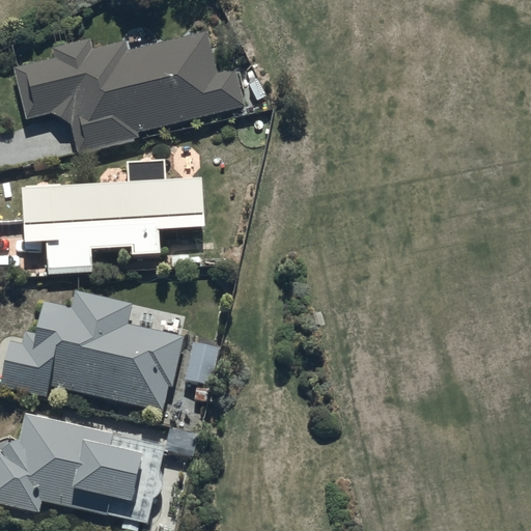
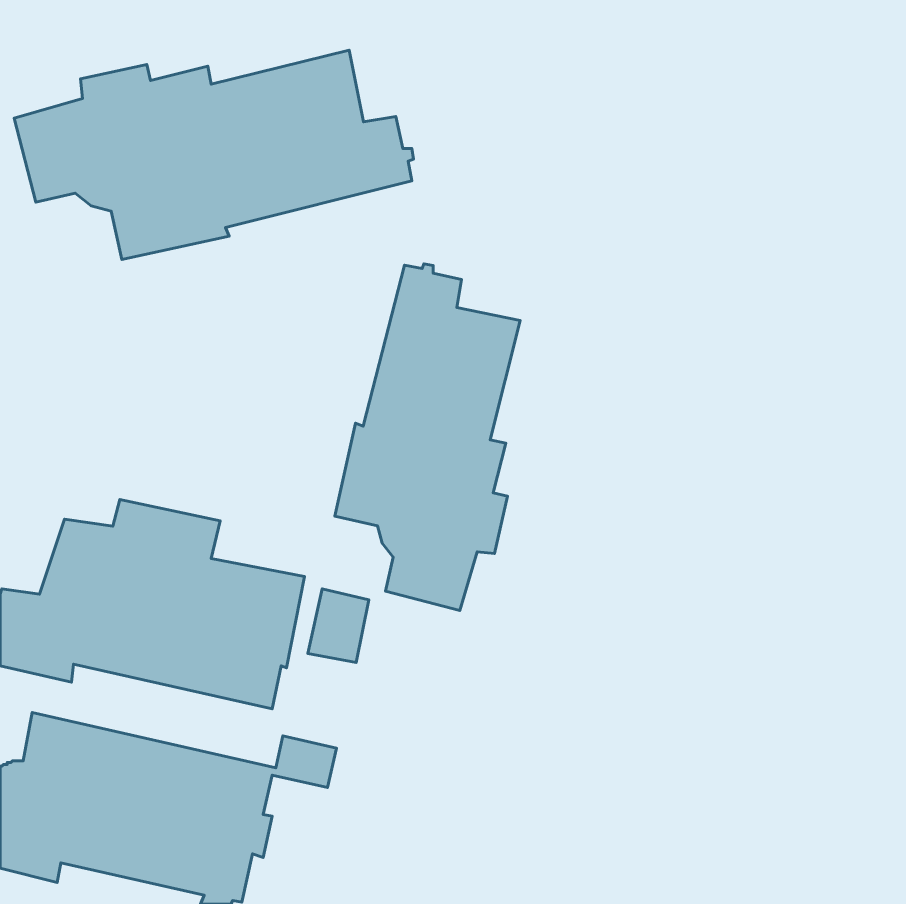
building: none -> [335,264,520,611]
building: [17,161,201,273] -> none

